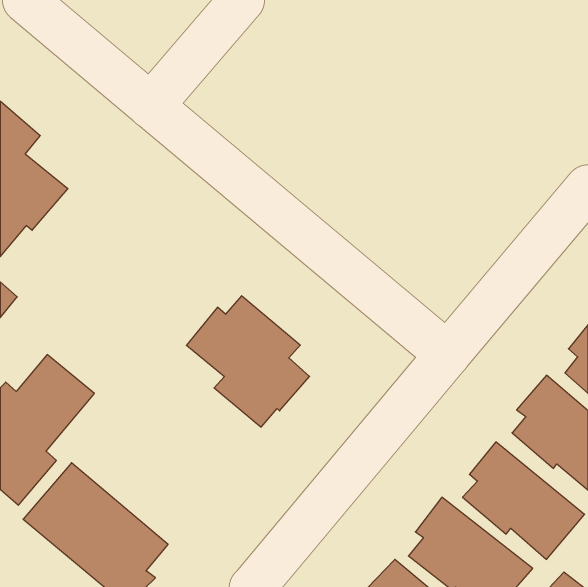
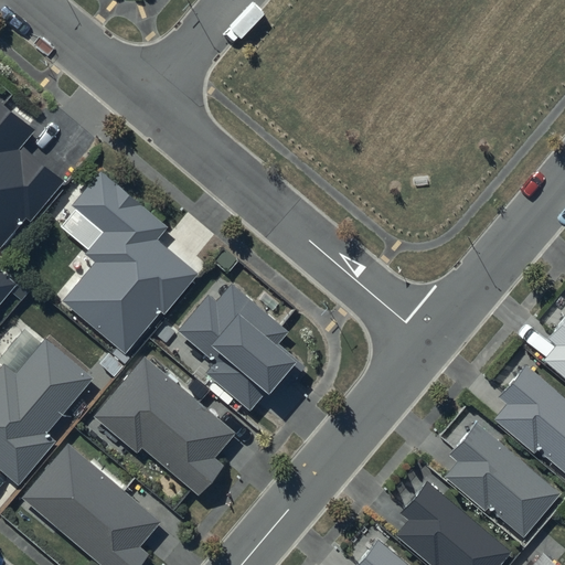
building: none -> [61,172,198,354]
building: none -> [94,358,236,497]

